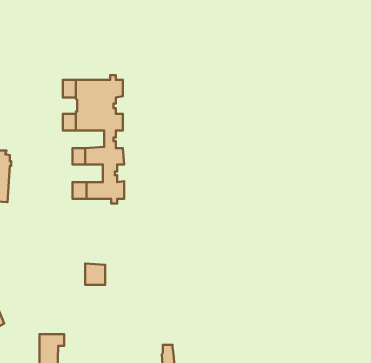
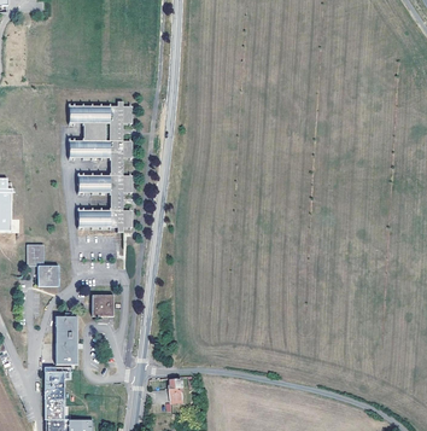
building: none -> [25,244,57,285]
building: none -> [54,315,76,363]

